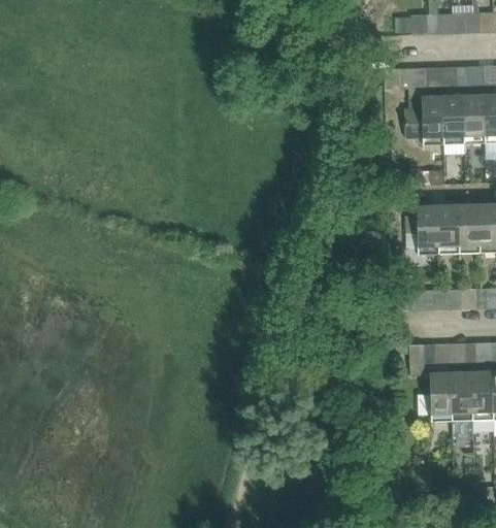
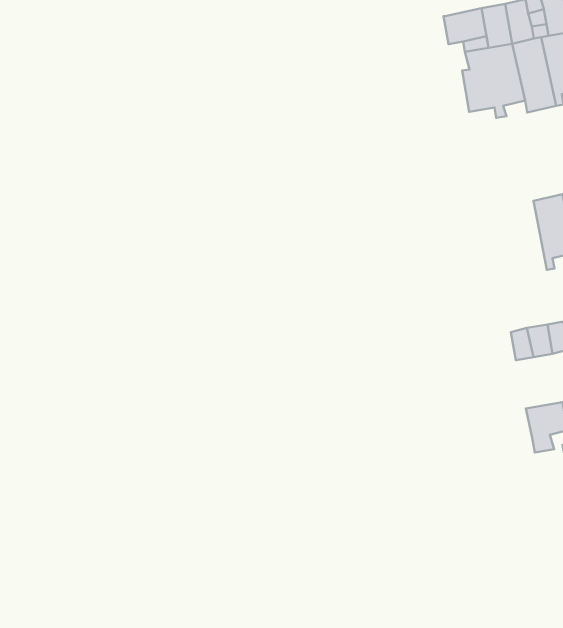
building: [408,205,442,254] -> none

